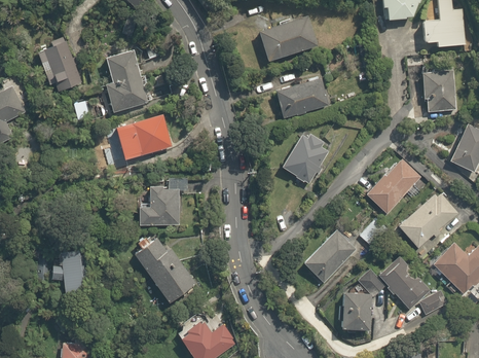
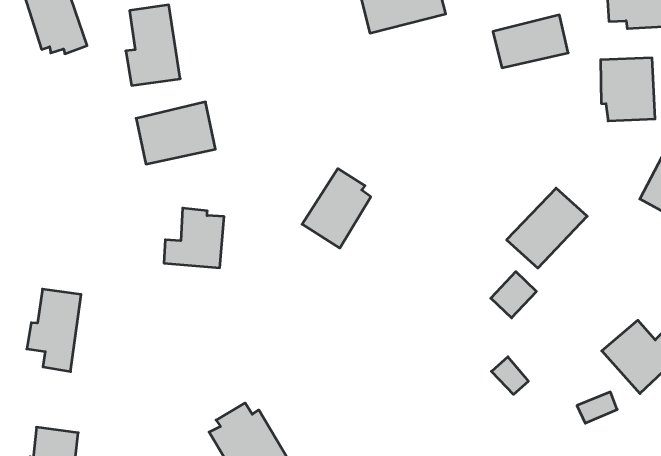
building: [277,81,327,118] -> [493,15,568,68]
building: [283,132,327,184] -> [302,169,371,248]
building: [400,193,454,247] -> none
building: [132,232,197,308] -> none
building: [305,232,354,282] -> none
building: [379,259,428,309] -> none
building: [343,297,369,331] -> none

